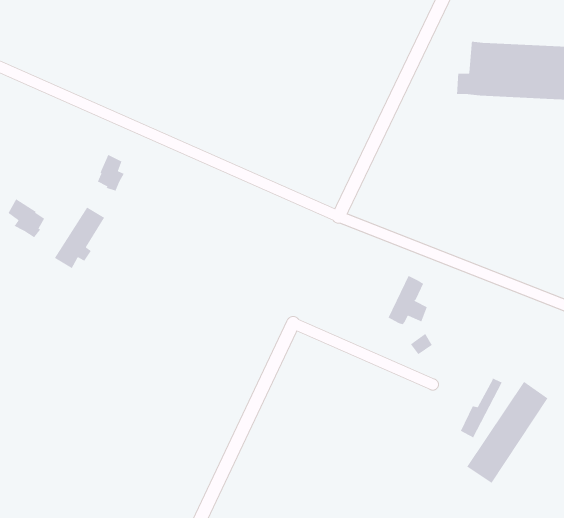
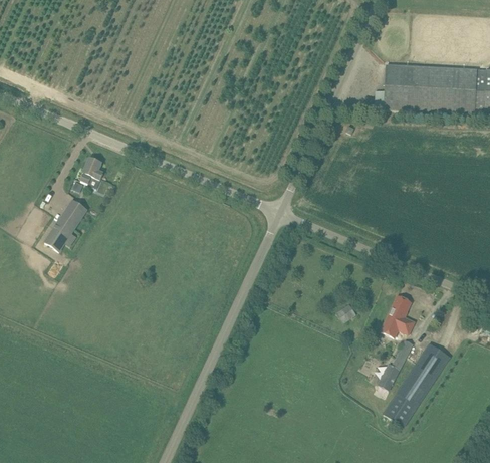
building: [7,198,45,239] -> none
building: [387,275,428,325] -> [381,294,414,335]

